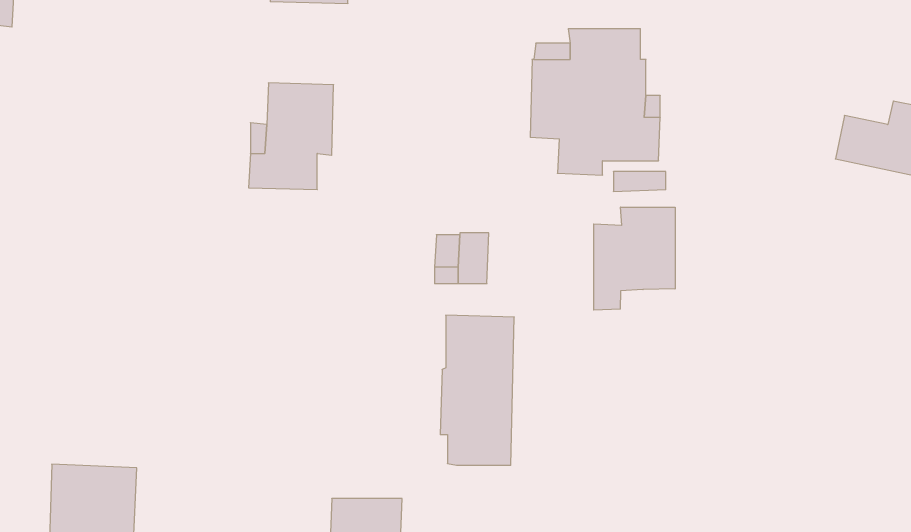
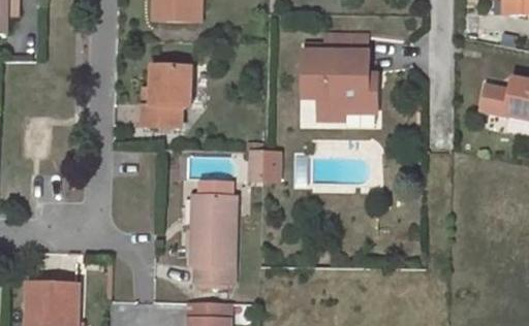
building: [594,207,675,310] -> none
building: [440,315,514,465] -> [192,196,235,282]

